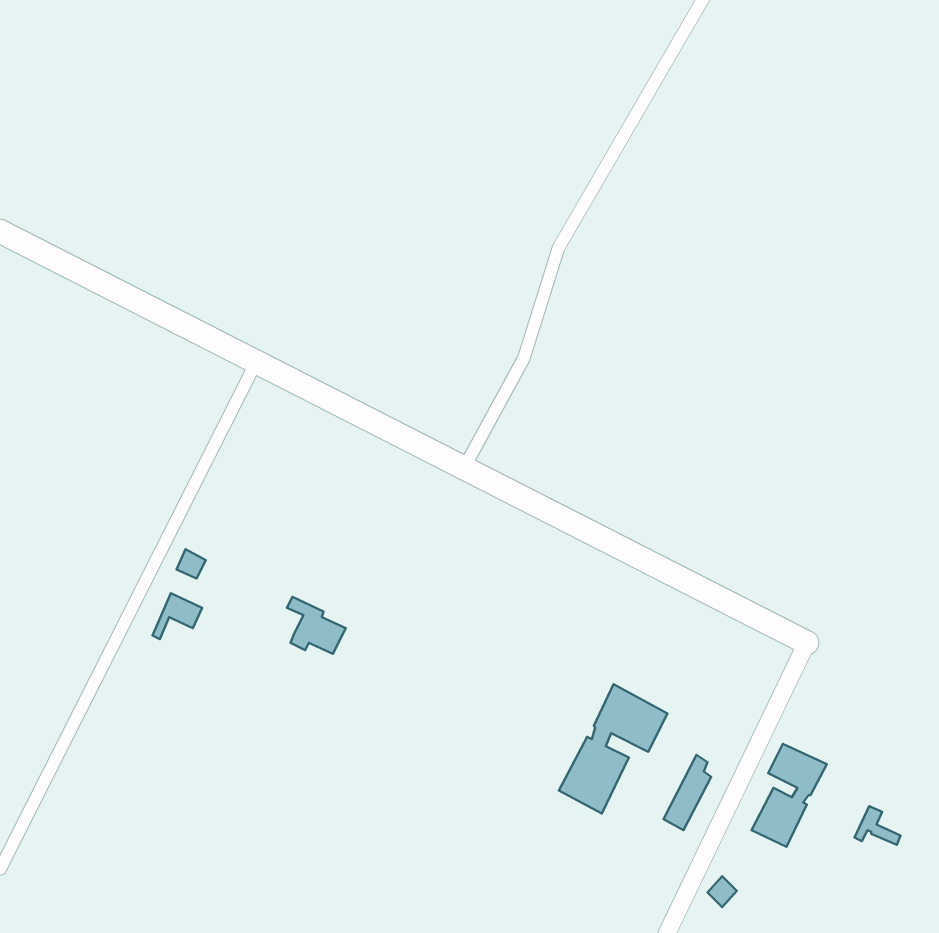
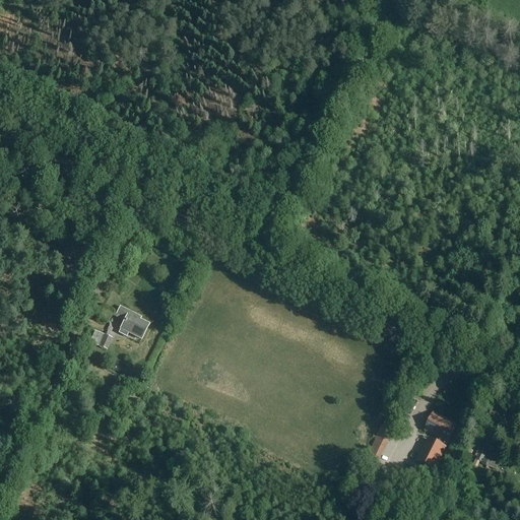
building: [287,597,346,654] -> [116,306,148,337]
building: [559,684,667,813] -> none

